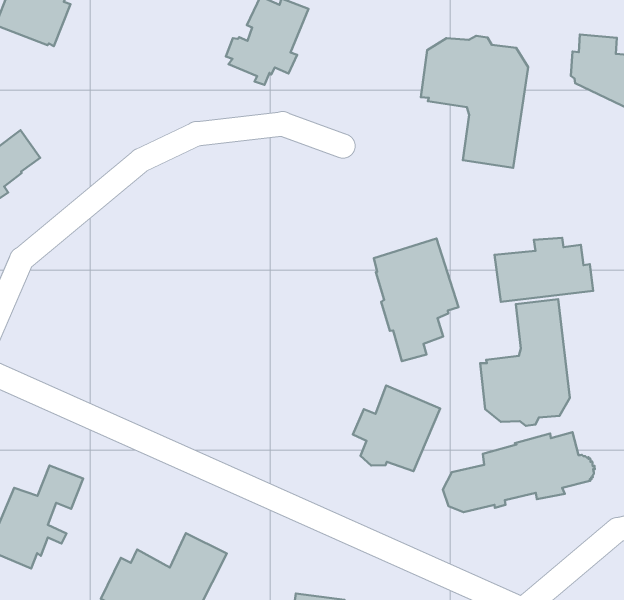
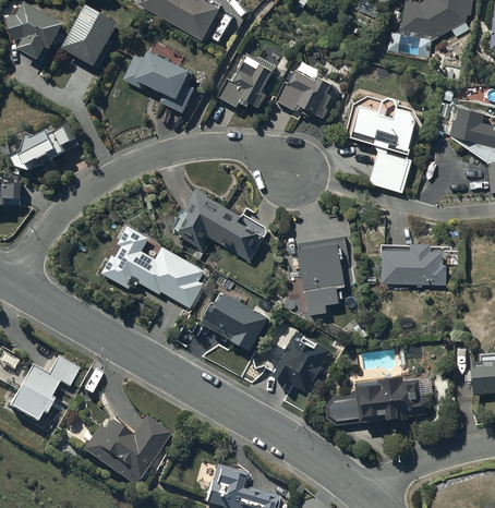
building: none -> [123,51,194,112]
building: none -> [275,73,341,121]
building: none -> [174,189,263,261]
building: none -> [101,226,204,306]
building: [480,299,570,426] -> none
building: none -> [203,293,268,352]

